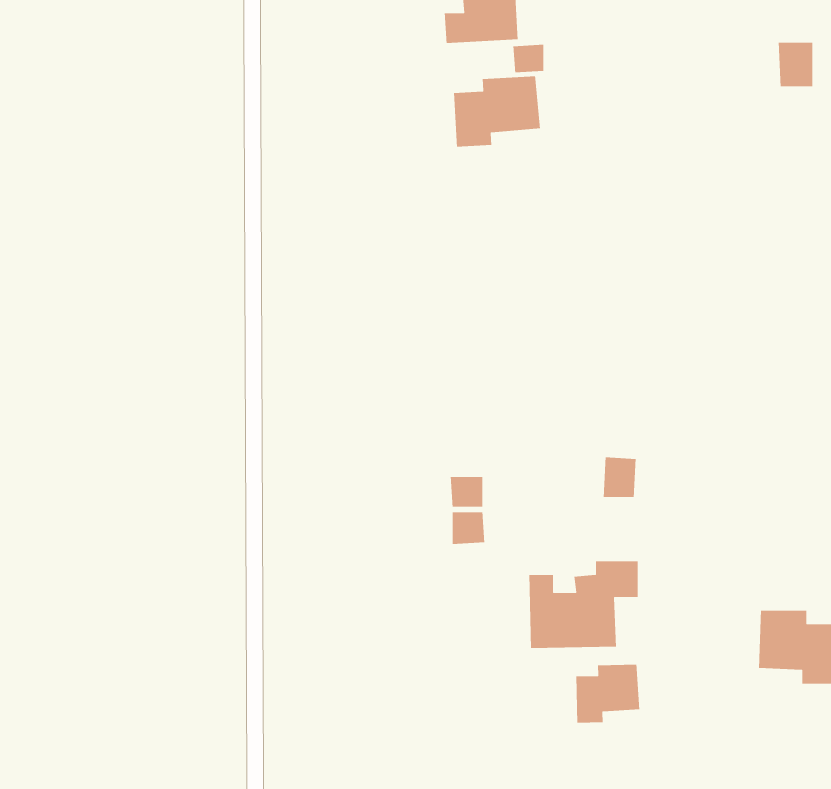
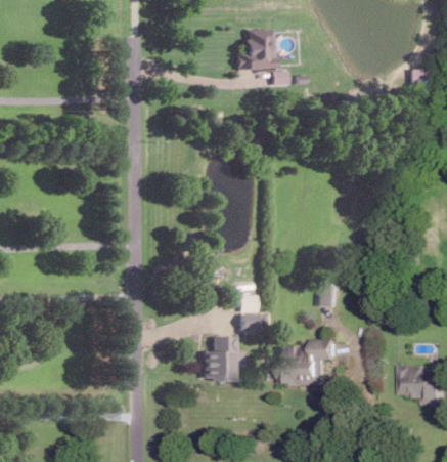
building: [453,76,541,147] -> none
building: none -> [203,336,242,380]
building: [576,664,640,723] -> none

